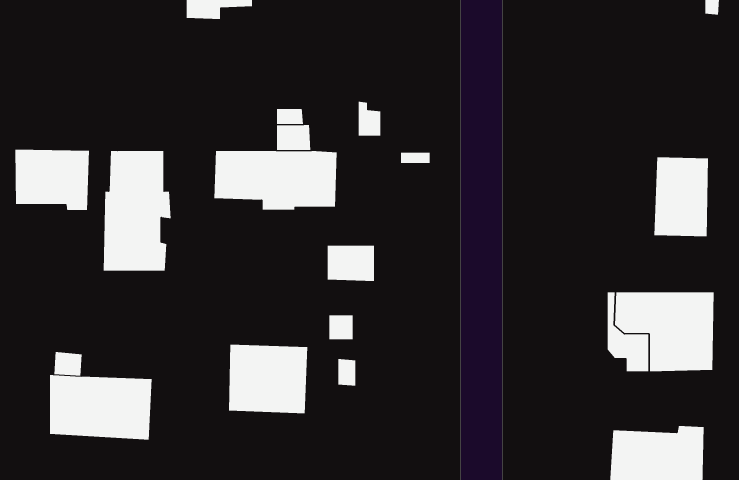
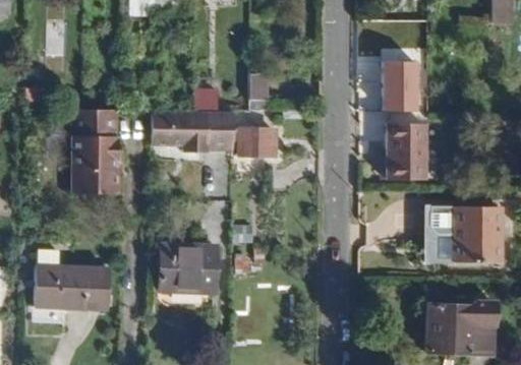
building: none -> [381,61,414,109]
building: [15,149,89,211] -> none
building: [653,157,709,237] -> [387,124,425,180]
building: [327,245,375,281] -> [242,130,276,156]

